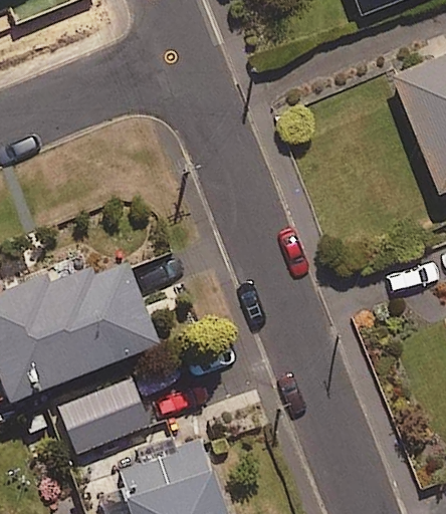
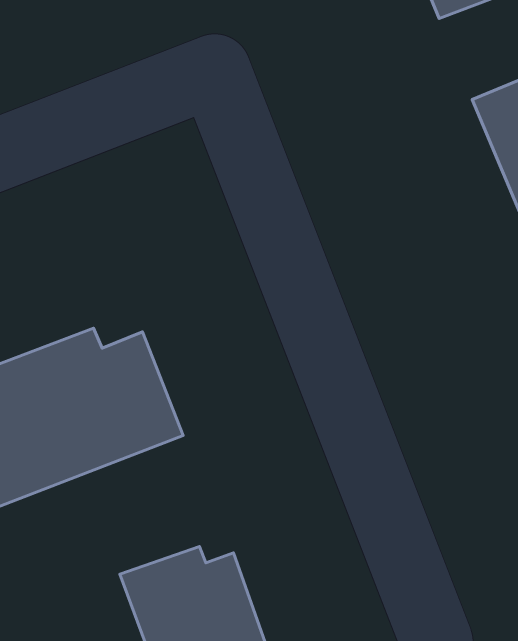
building: [54,378,148,452] -> none

